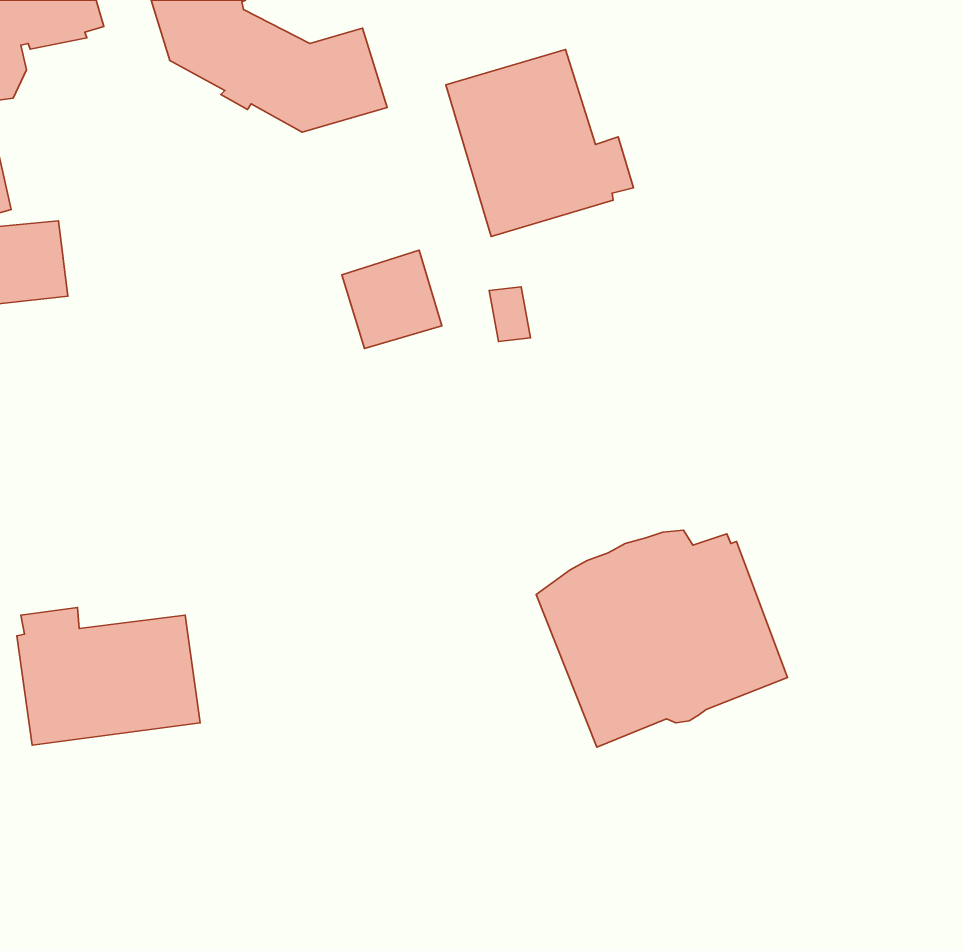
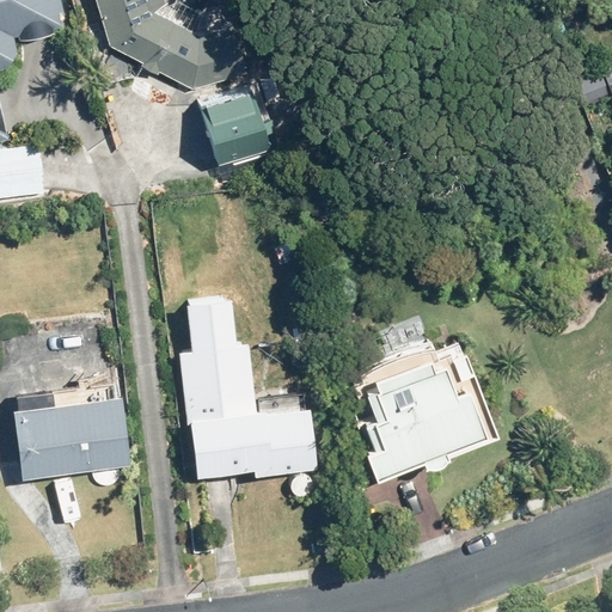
building: [446,49,634,236] -> none
building: [342,250,442,348] -> [203,90,267,152]
building: none -> [178,296,318,477]

